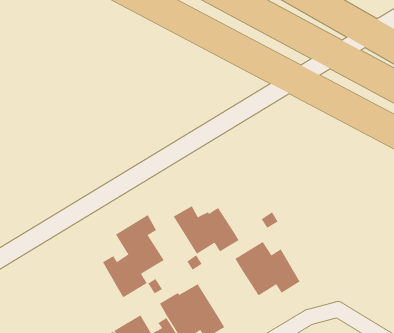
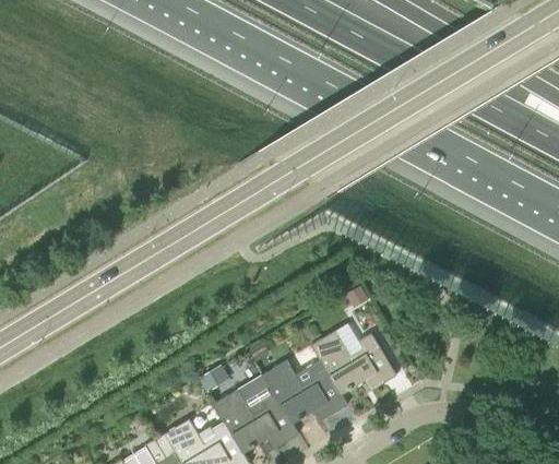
building: [173,206,240,255] -> [262,360,348,424]
building: [102,214,164,298] -> none

